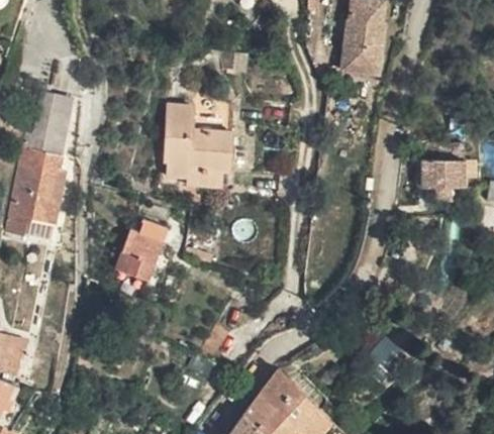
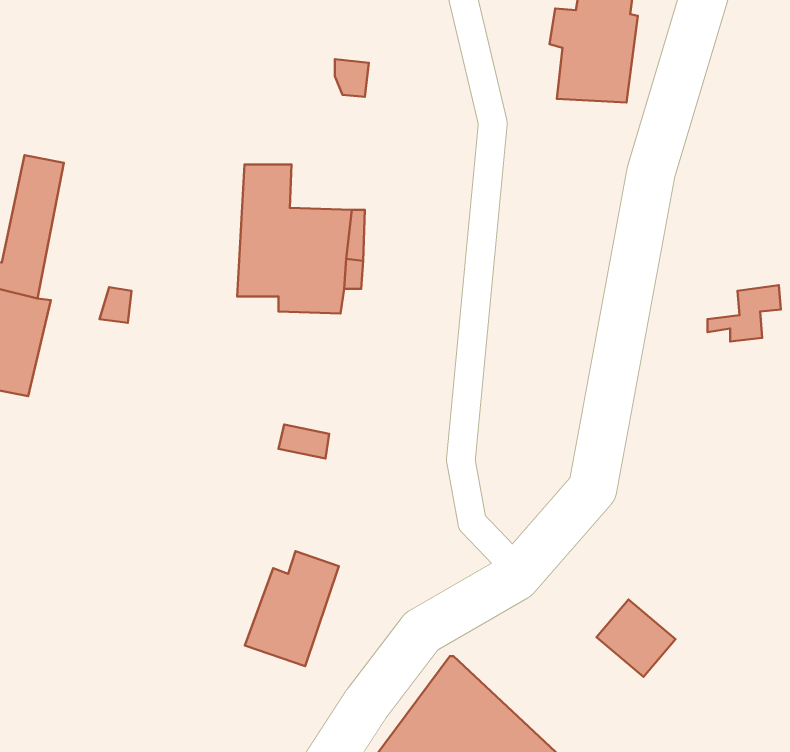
building: [412,155,455,189] -> none
building: [117,222,168,284] -> [245,551,339,666]

